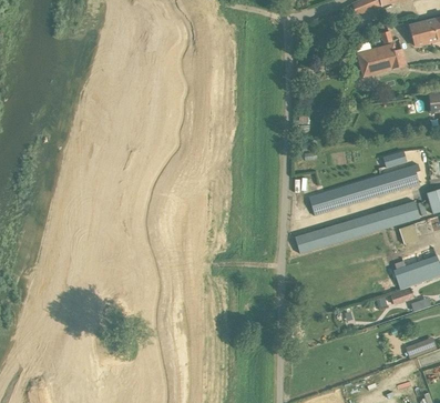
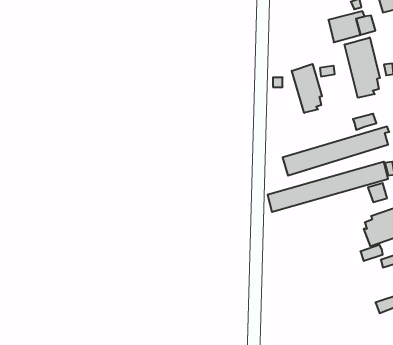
building: none -> [345,37,380,98]
building: none -> [292,64,322,113]

